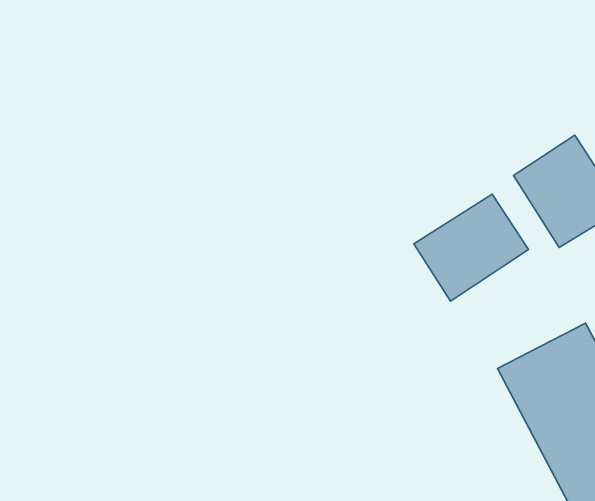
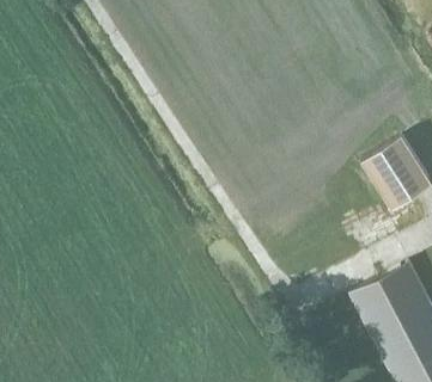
building: [414,194,528,301] -> none

